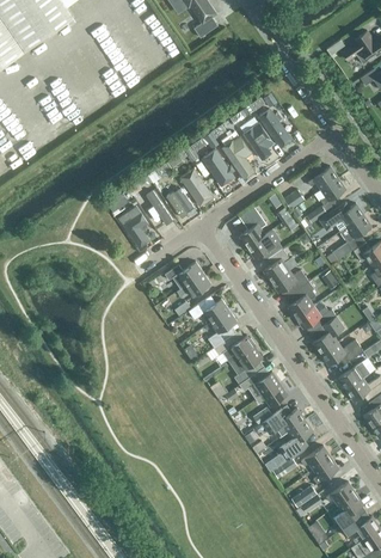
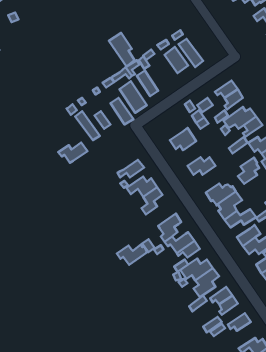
building: [221,137,256,183] -> [109,33,135,66]
building: [238,207,266,247] -> none
building: [263,249,296,282] -> none
building: [164,262,203,289] -> [58,142,87,163]
building: [287,282,315,318] -> [238,158,259,184]
building: [214,336,254,363] -> [117,245,147,265]
building: [332,493,363,529] -> none

